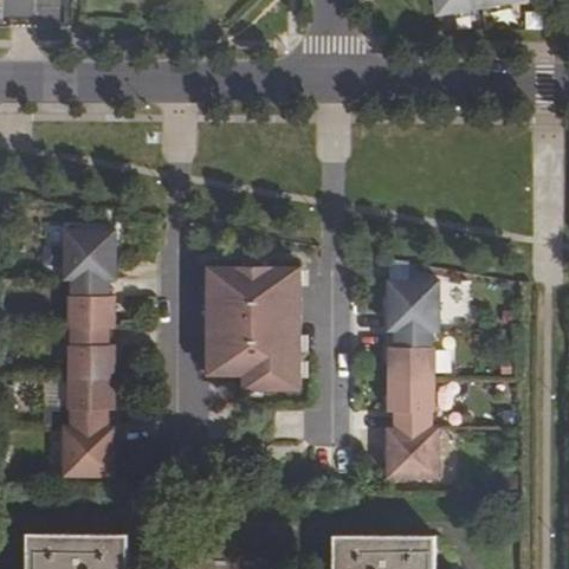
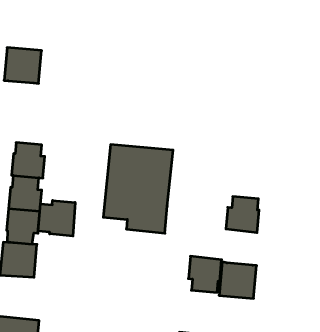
building: [63,231,114,279] -> [4,48,42,83]
building: [386,282,438,330] -> none
building: none -> [38,200,75,236]
building: [387,379,433,428] -> [188,256,222,292]

